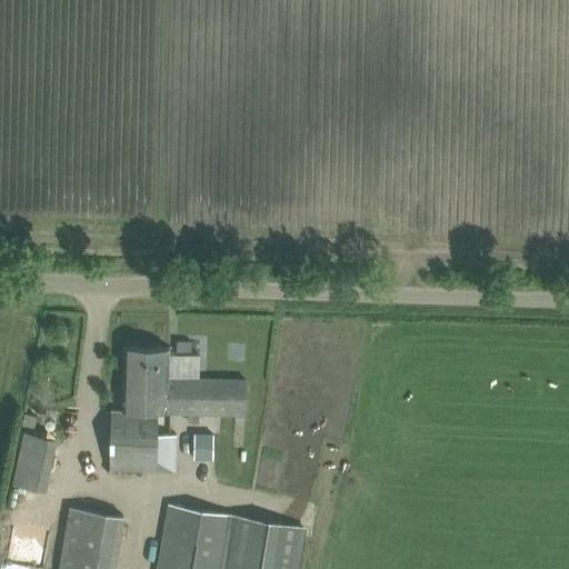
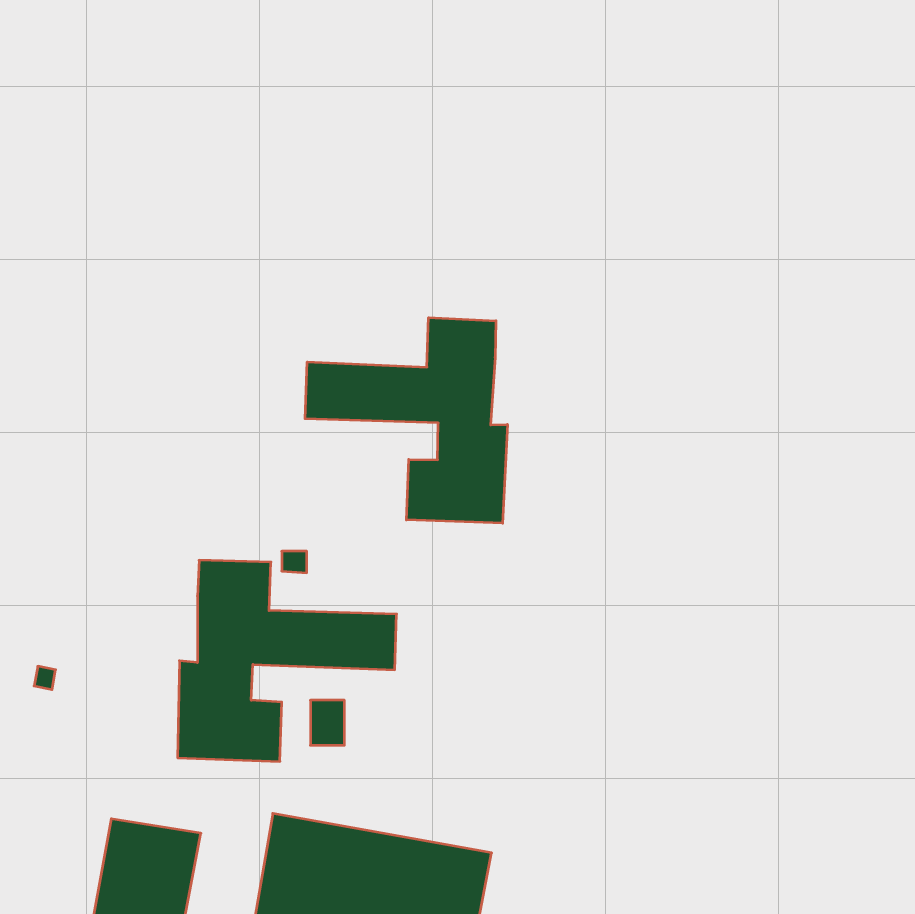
building: none -> [305,318,507,523]
building: [13,432,57,492] -> none

